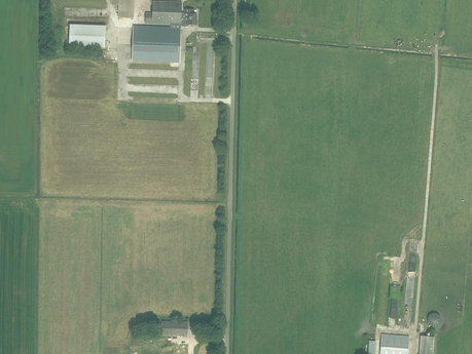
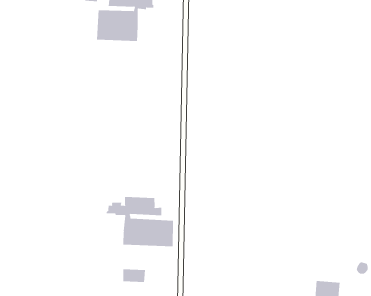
building: [69,23,106,46] -> none
building: none -> [106,196,174,247]

